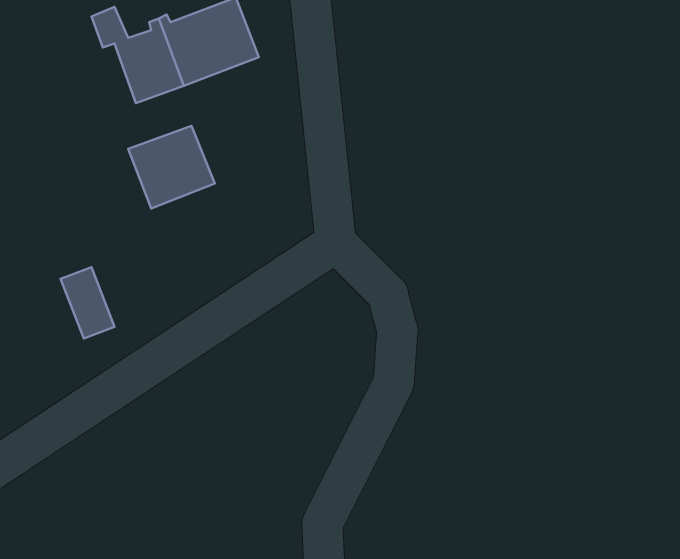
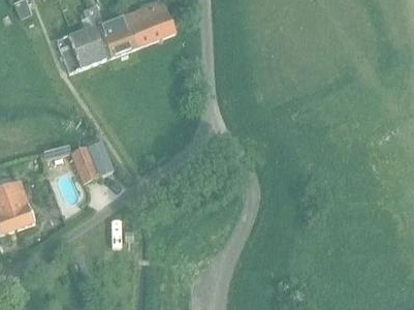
building: [128,126,215,209] -> [58,27,104,71]

